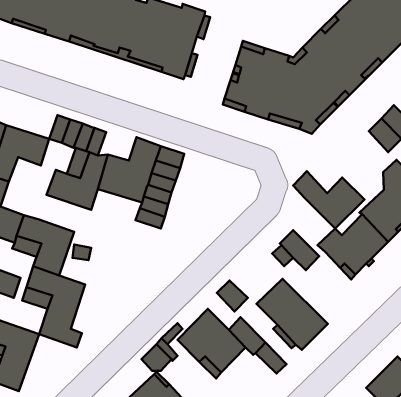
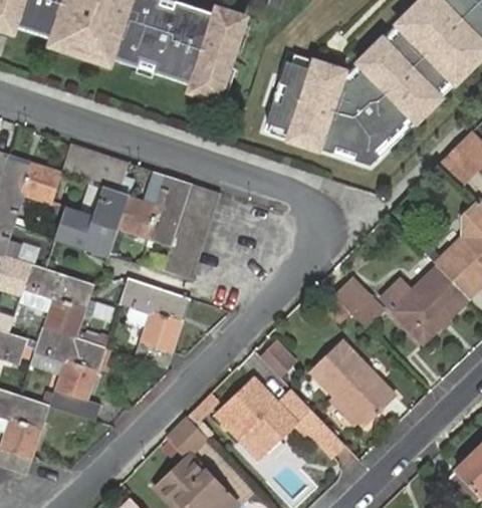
building: [293,171,364,228] -> none
building: none -> [119,275,190,367]

